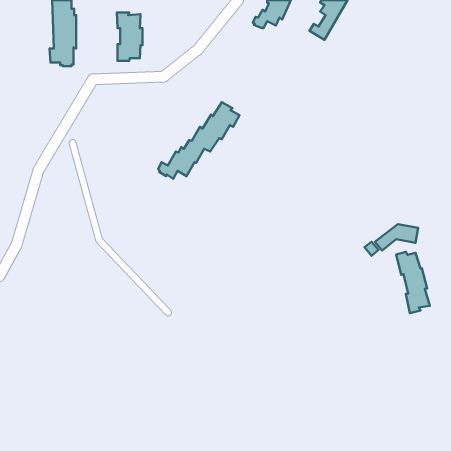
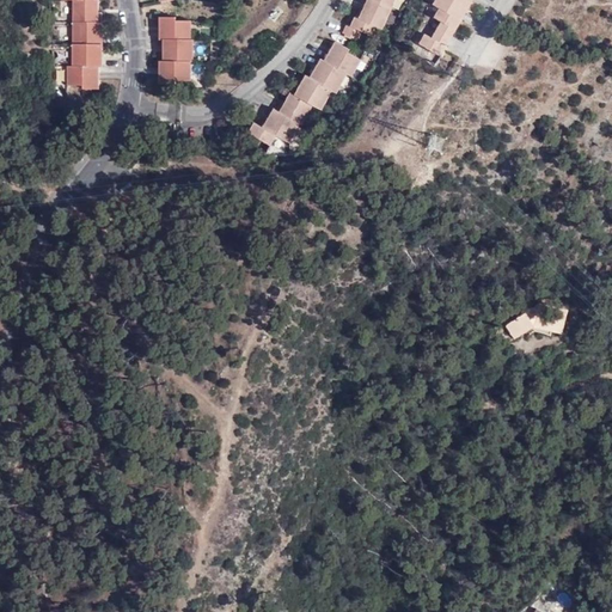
building: [158,102,239,179] -> [249,39,359,143]
building: [396,252,430,313] -> none

